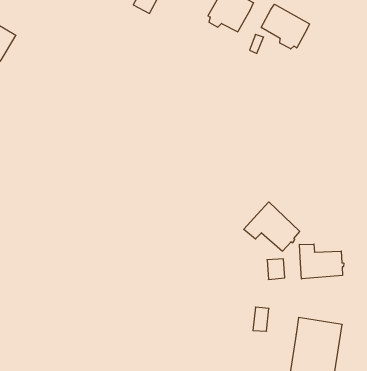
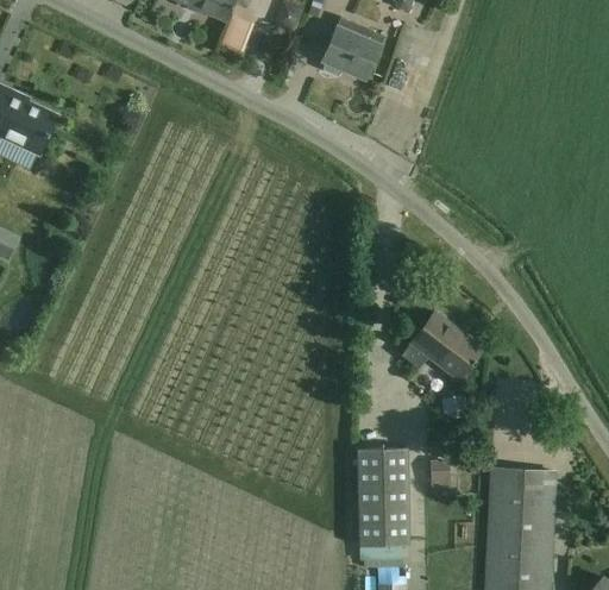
building: [261,4,309,49] -> none
building: [299,244,344,279] -> none
building: none -> [358,448,409,547]

